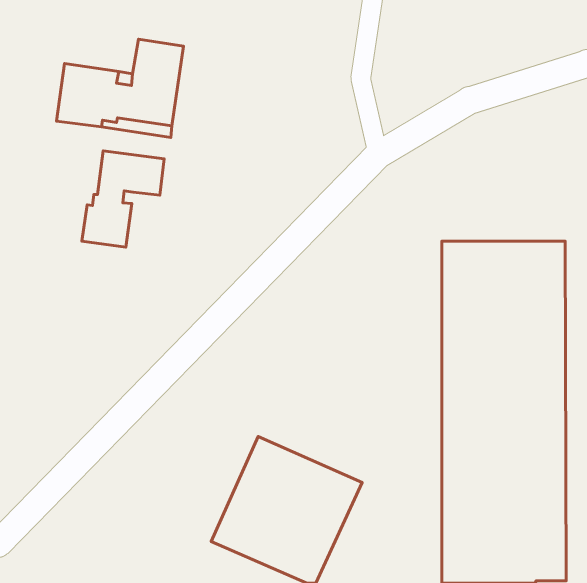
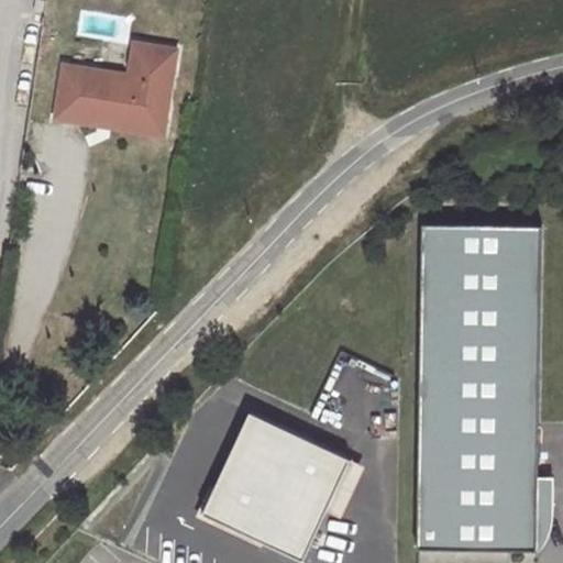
building: [82,151,164,247] -> none

